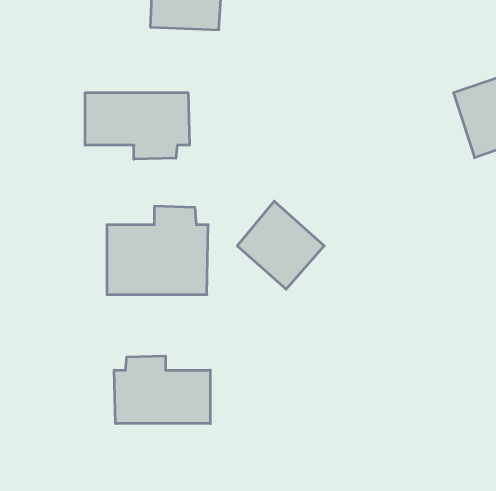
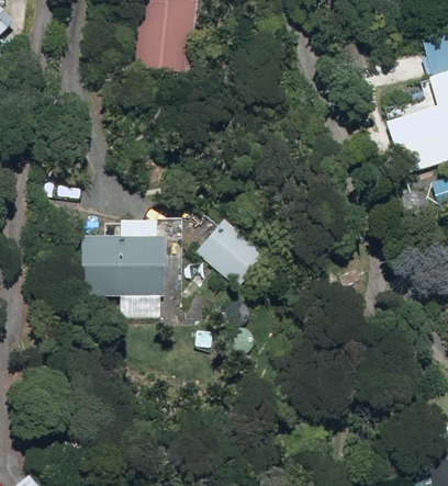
building: [85,93,189,159] -> none
building: [114,356,210,424] -> none

